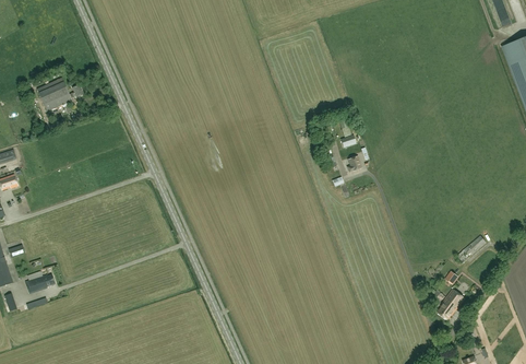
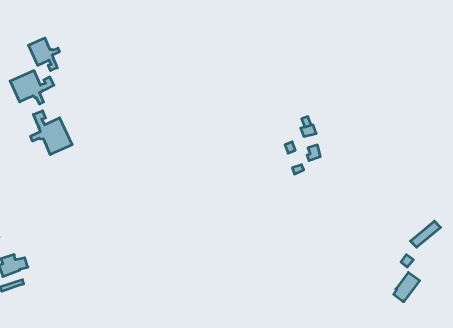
building: none -> [28,38,59,71]
building: none -> [31,111,72,155]

